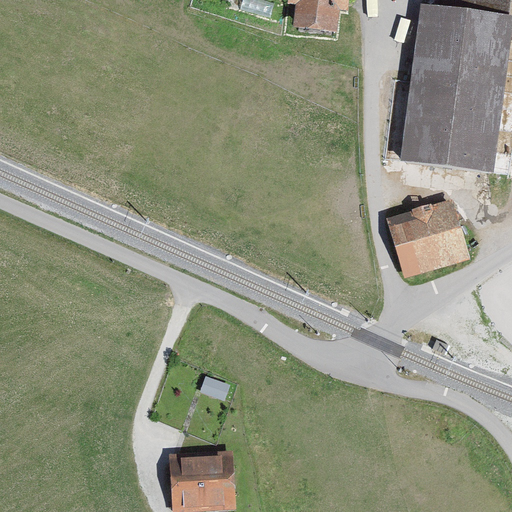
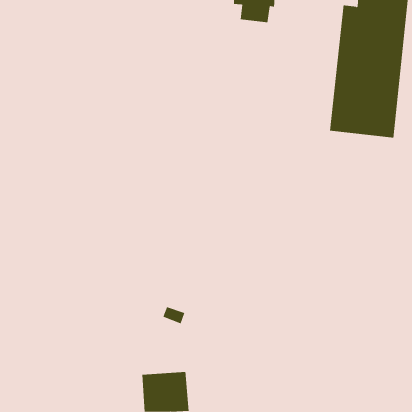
building: [391,204,465,270] -> none

